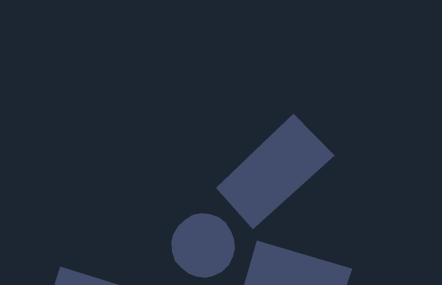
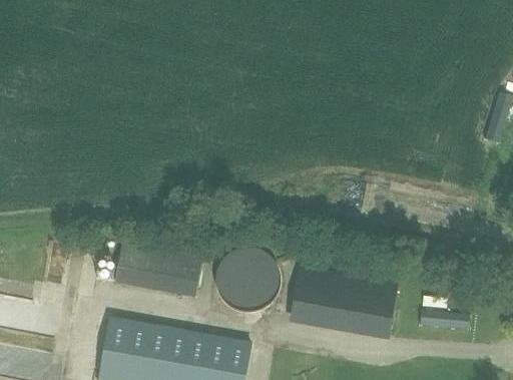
building: [215,113,335,230] -> none
building: none -> [115,243,202,298]

